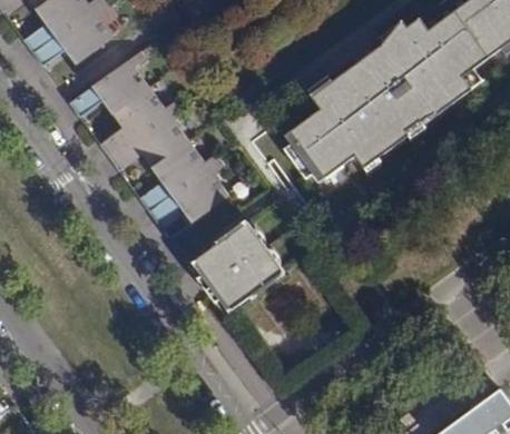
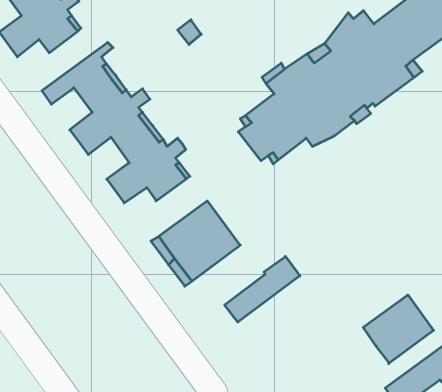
building: none -> [225,256,300,322]
building: none -> [363,295,434,364]

